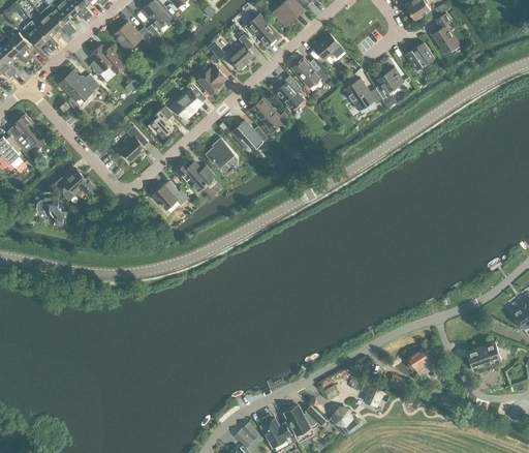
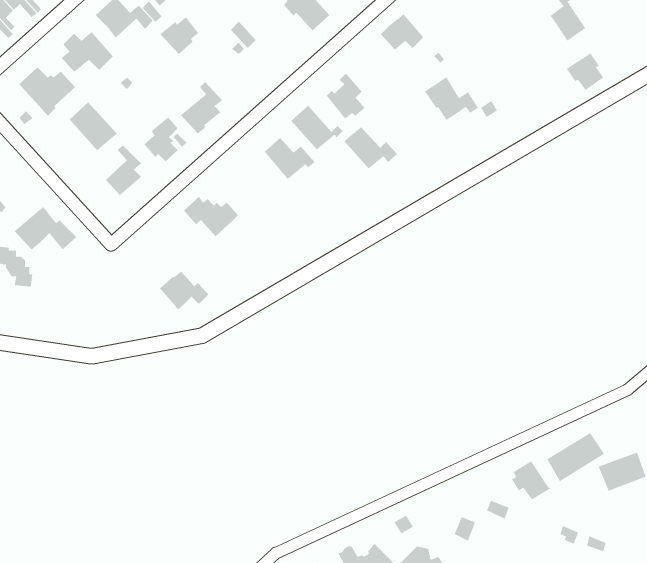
building: [227,34,253,69] -> none
building: [405,42,432,69] -> [566,53,604,91]
building: [290,57,329,87] -> [344,126,398,169]
building: [197,66,225,93] -> [160,17,199,55]
building: [376,66,403,93] -> none
building: none -> [69,101,118,151]
building: [205,138,238,167] -> none
building: [153,181,188,209] -> [159,271,209,311]
building: none -> [547,432,605,482]

